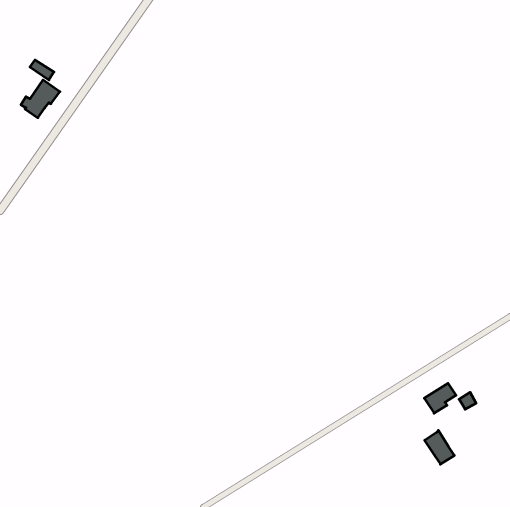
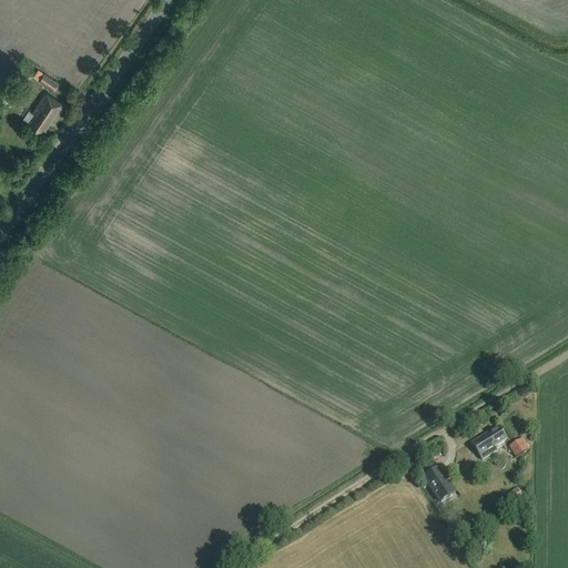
building: [425,430,454,464] -> [423,466,456,504]

